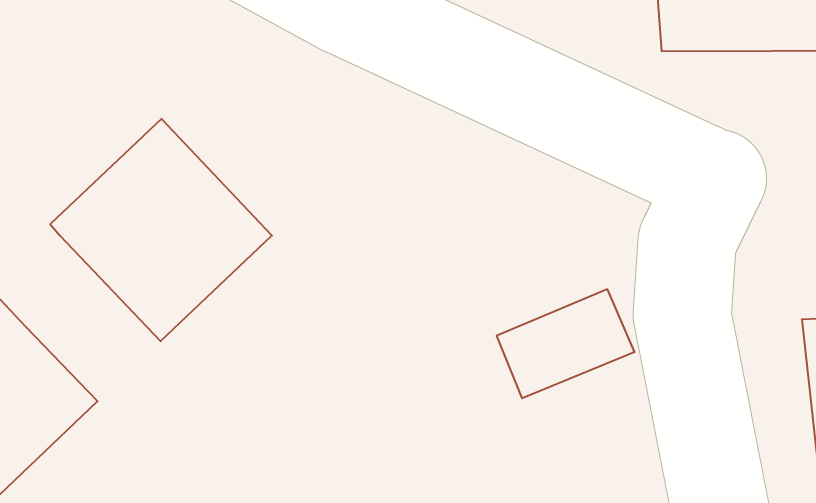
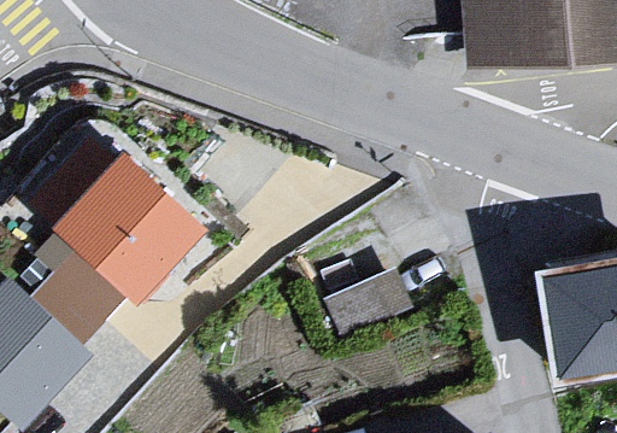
building: none -> [33,238,128,351]

